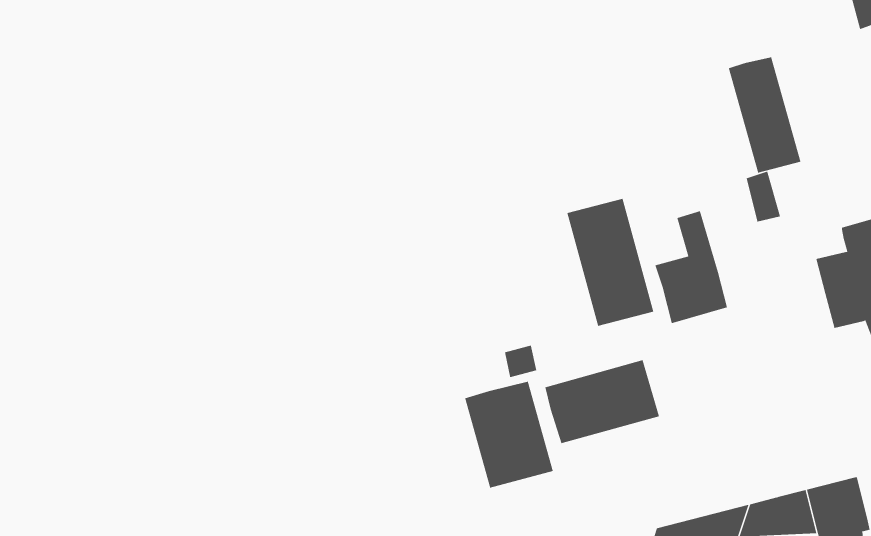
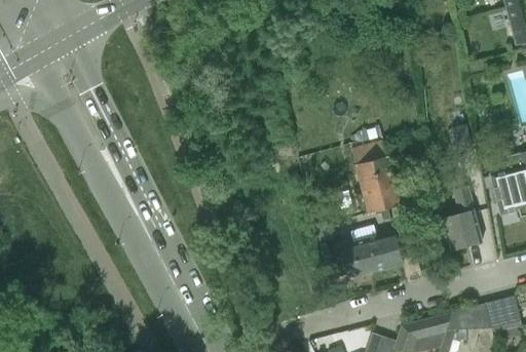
building: [728,56,801,173] -> none
building: [655,210,728,324] -> [442,187,483,250]
building: [465,381,554,489] -> none

